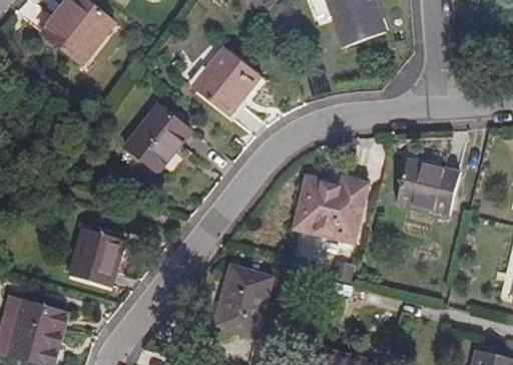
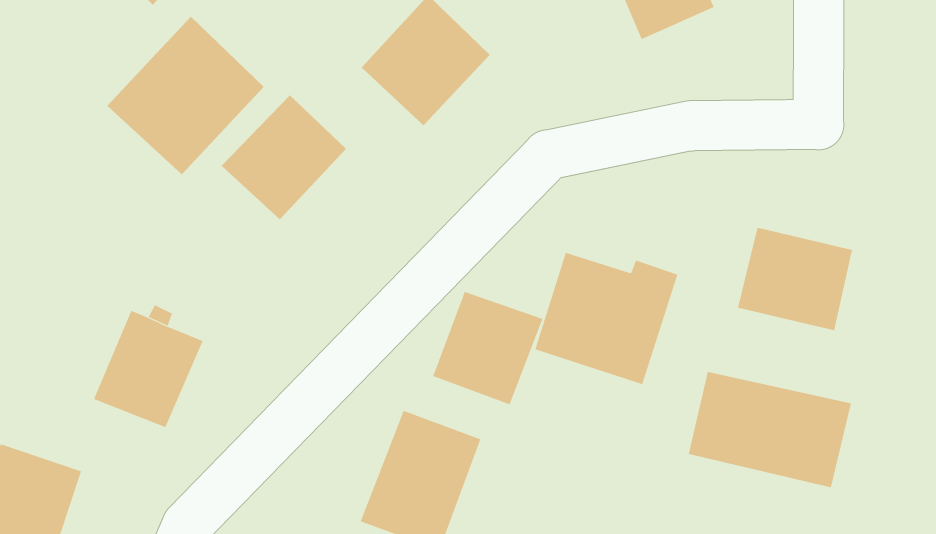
building: none -> [107,16,264,175]
building: none -> [433,291,543,405]
building: none -> [688,371,852,488]

